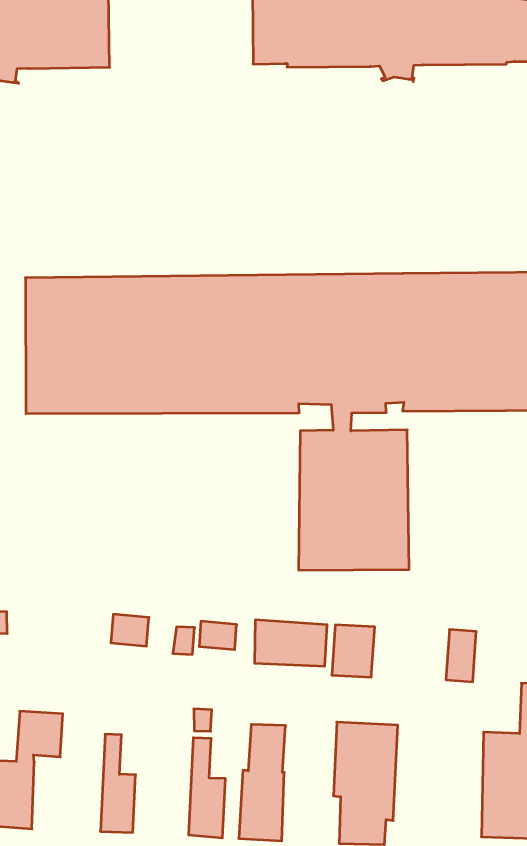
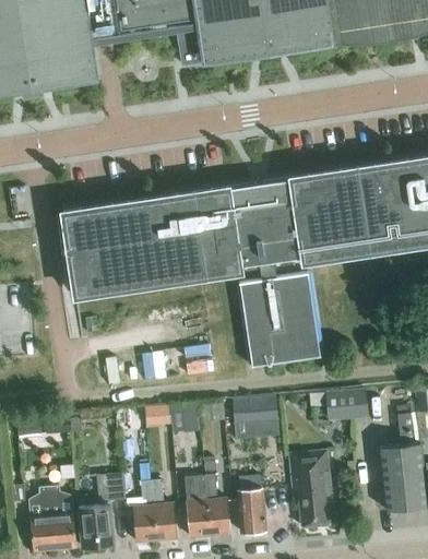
building: [332,625,375,677] -> [325,389,352,421]
building: none -> [133,481,156,543]
building: none -> [185,476,210,537]

